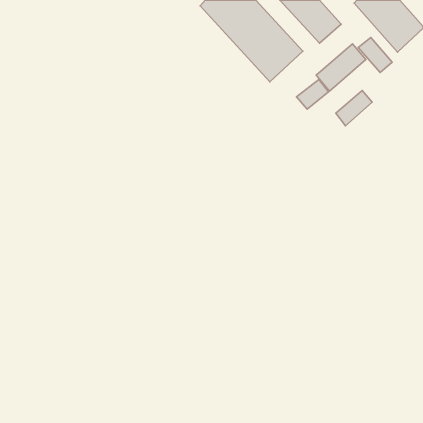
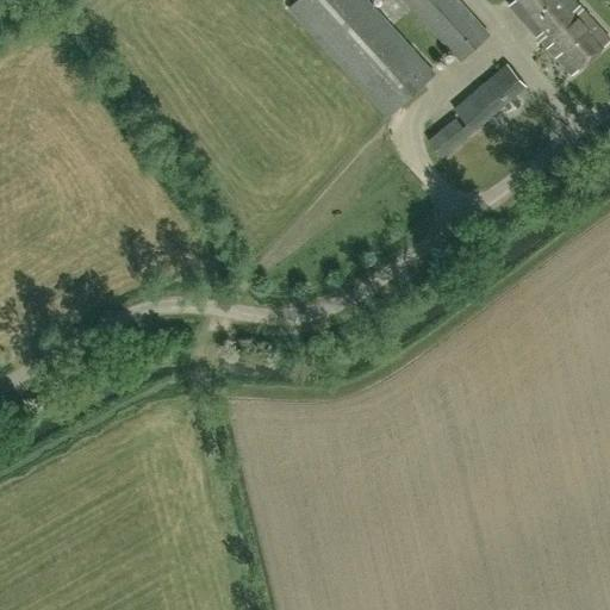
building: [358,37,392,73] -> none
building: [336,91,372,126] -> none

